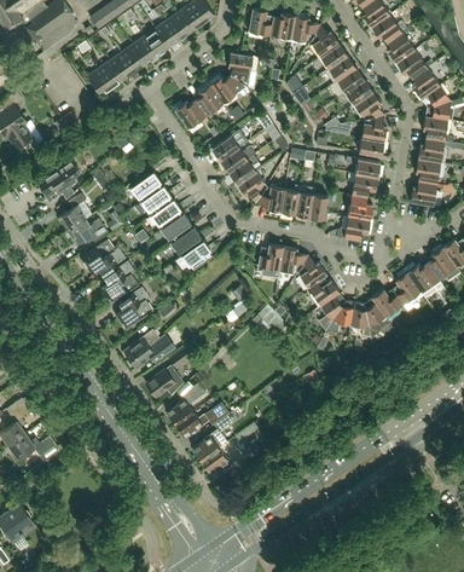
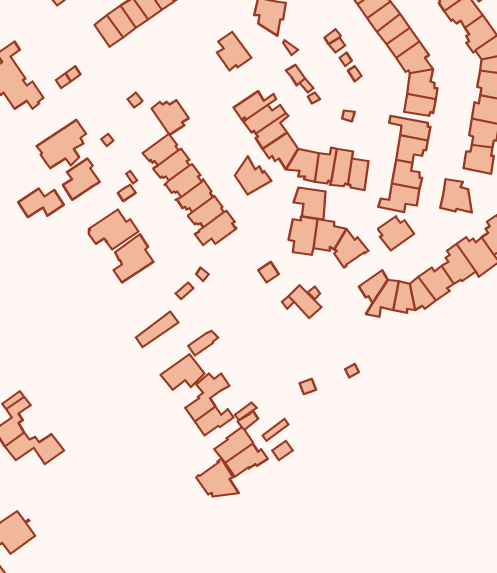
building: [208,74,248,105] -> none
building: [173,100,205,131] -> [152,100,189,135]
building: none -> [235,156,272,195]
building: none -> [440,179,472,212]
building: [68,218,108,243] -> [18,188,64,217]
building: none -> [294,188,326,220]
building: [308,276,340,306] -> [378,216,414,250]
building: [118,287,153,327] -> none
building: [129,333,176,369] -> none
building: none -> [196,458,239,496]

